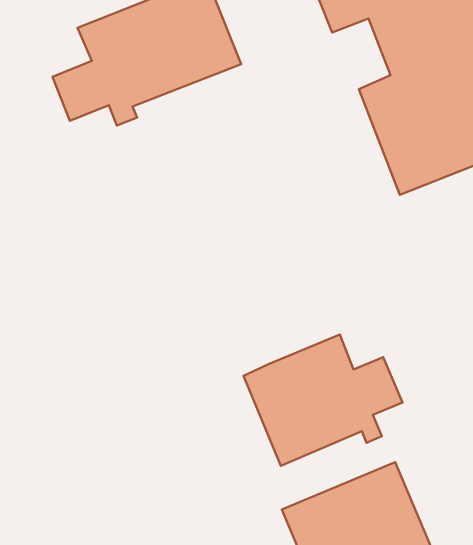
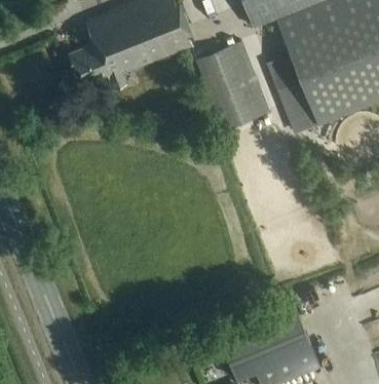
building: none -> [195,41,268,129]
building: [243,334,402,466] -> none

